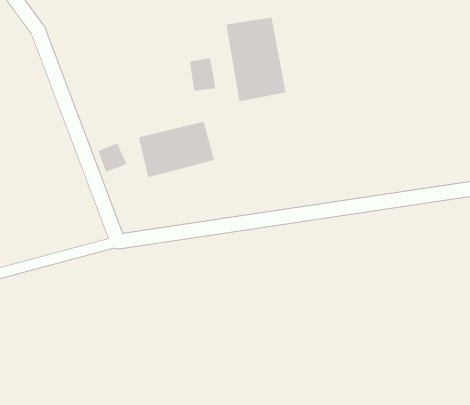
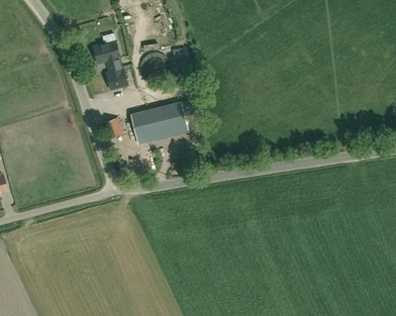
building: [226,17,286,102] -> none
building: none -> [94,41,128,90]

